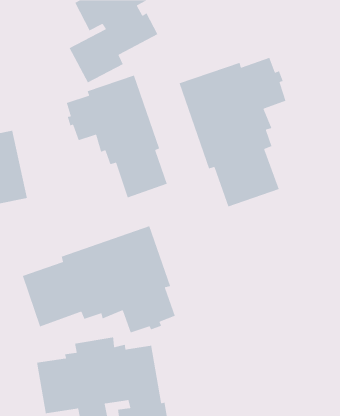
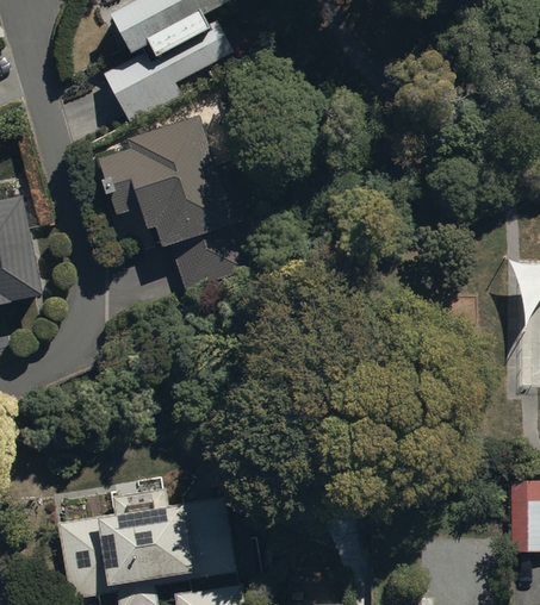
building: [179,57,286,207] -> none
building: [22,225,176,333] -> none

